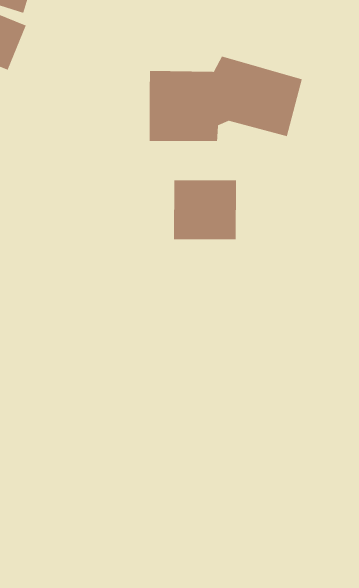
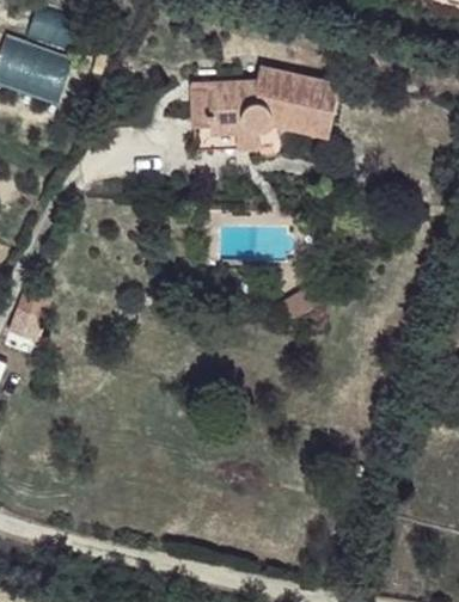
building: [173,179,237,240] -> none

